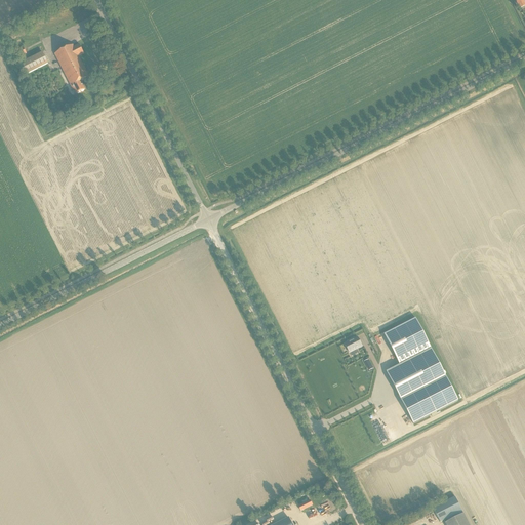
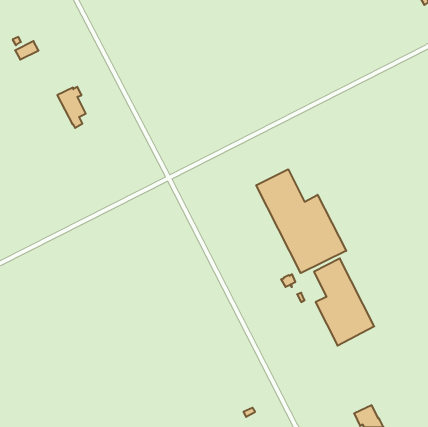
building: [53,42,88,92] -> [57,87,86,128]
building: none -> [256,169,346,273]

